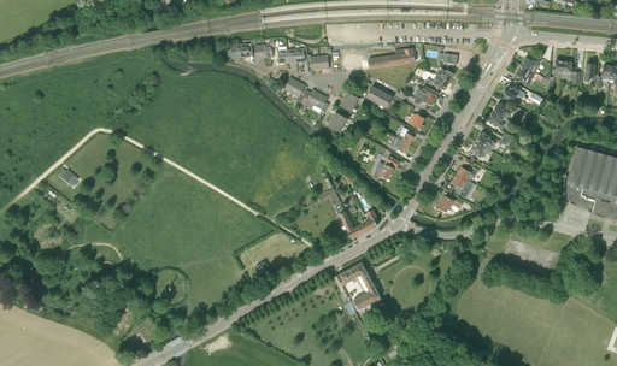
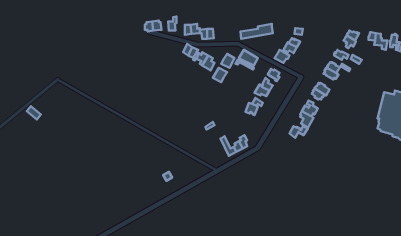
building: [335,262,381,312] -> none

